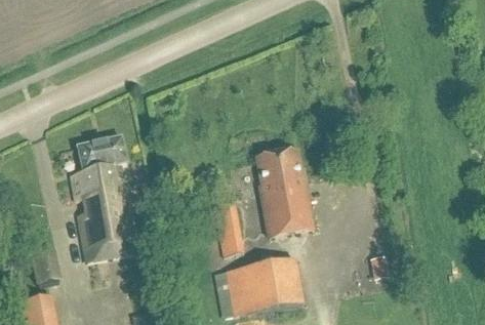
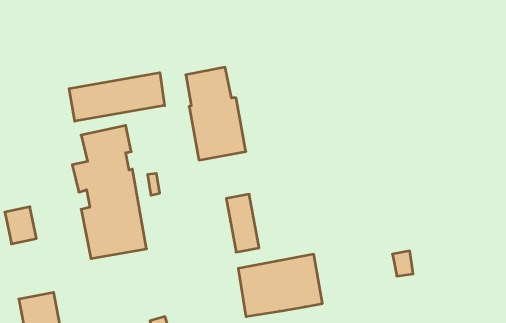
building: none -> [69,73,165,121]
building: [256,150,313,237] -> [186,67,246,160]
building: [31,250,60,285] -> [5,207,36,244]

